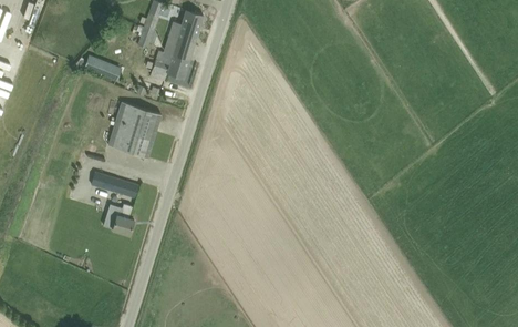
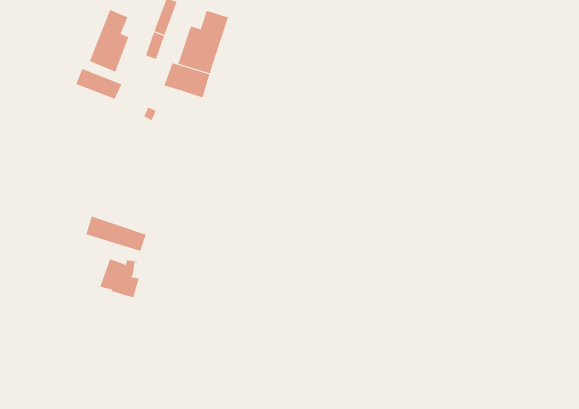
building: none -> [89,9,129,72]
building: [108,102,162,157] -> none

